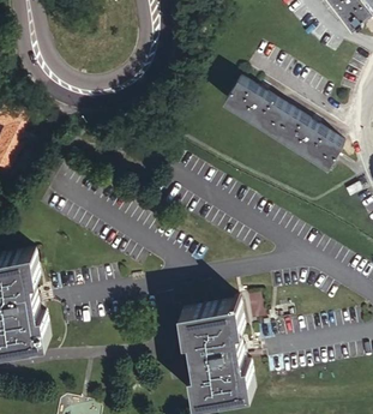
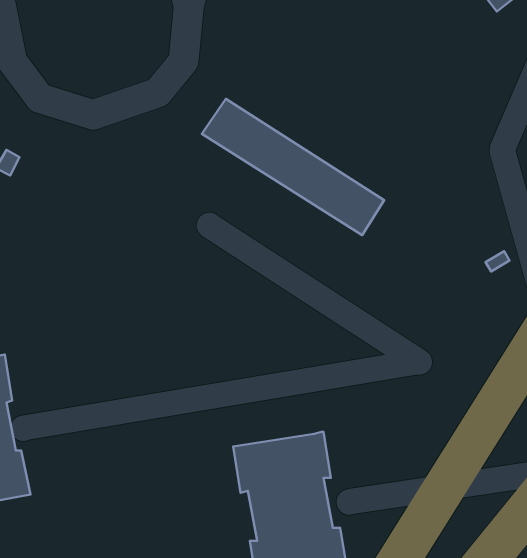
building: [223,76,342,164] -> [202,99,384,235]

